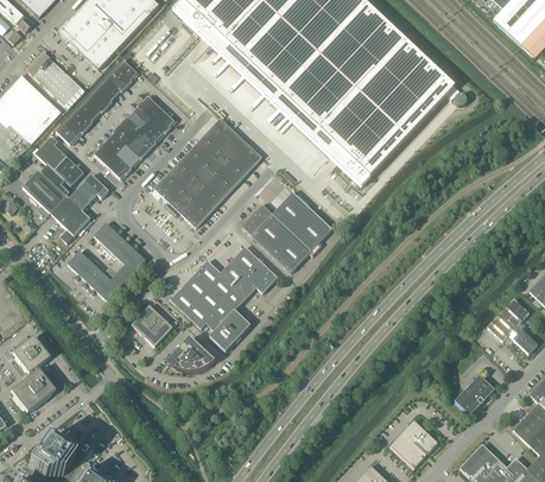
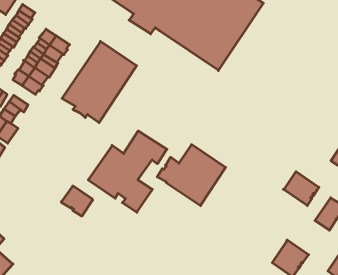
building: [241,191,331,272] -> [157,145,226,206]
building: [66,221,145,299] -> none
building: none -> [283,172,319,206]
building: [169,336,215,370] -> none

